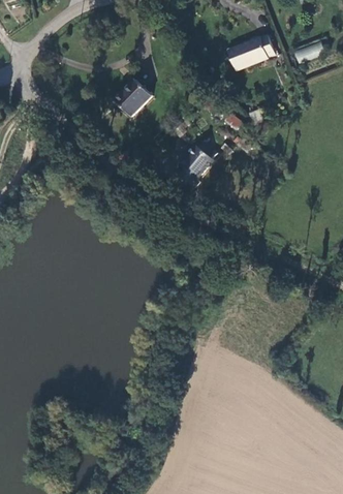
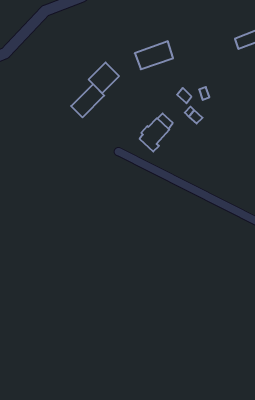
building: [226,35,273,69] -> [135,41,173,69]
building: none -> [71,84,104,117]

